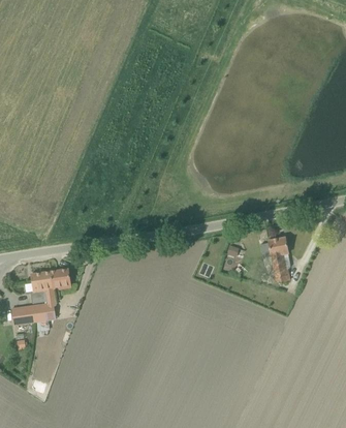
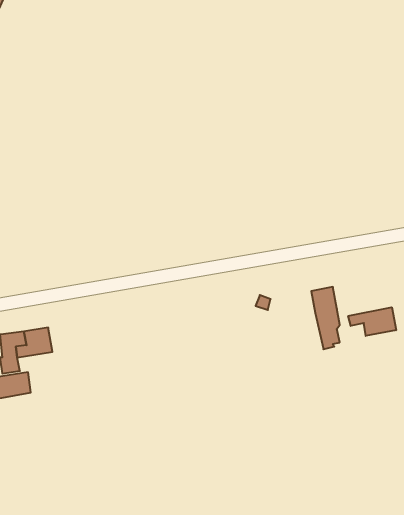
building: none -> [348,307,396,336]

